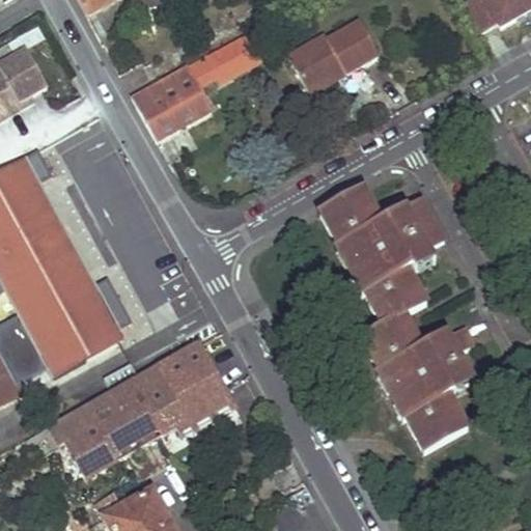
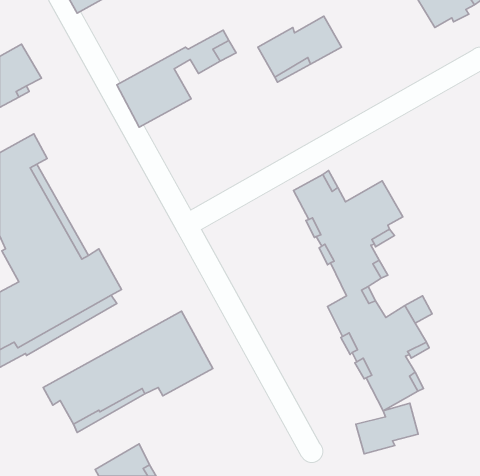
building: none -> [356,403,418,454]

